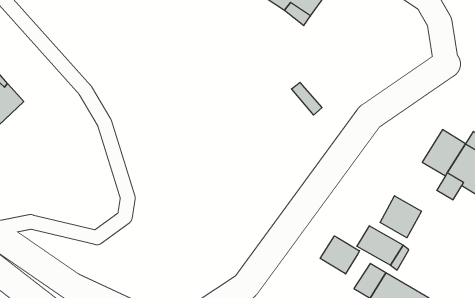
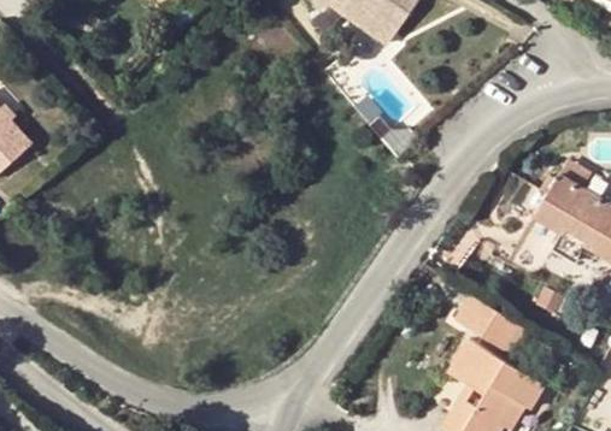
building: [380,196,421,238] -> none
building: [320,236,360,274] -> none

